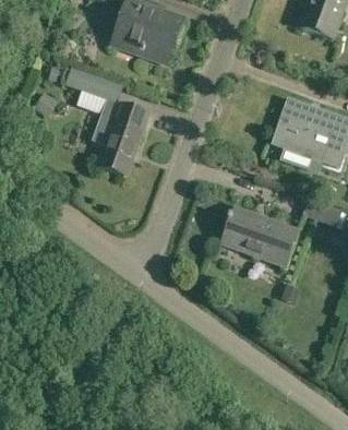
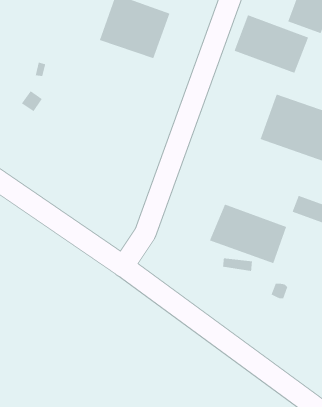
building: none -> [233,14,309,74]
building: [65,67,149,175] -> none

